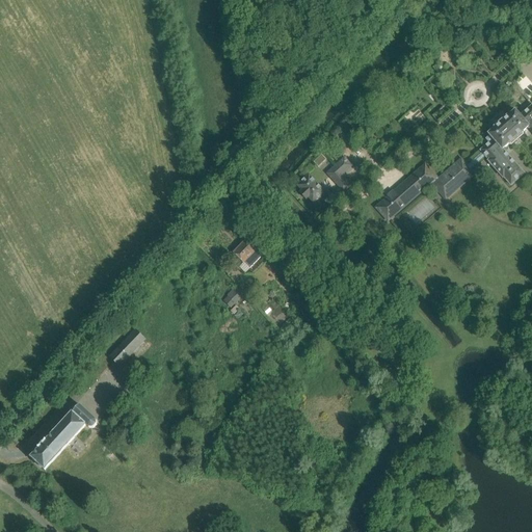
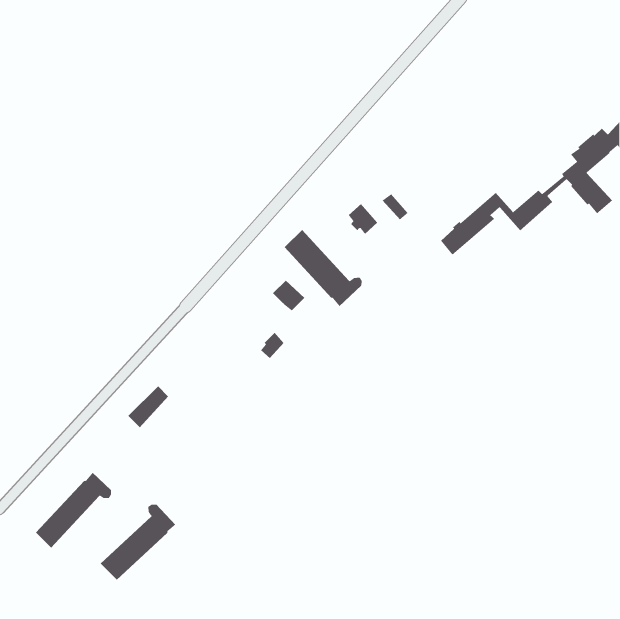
building: none -> [284,229,362,307]
building: none -> [100,504,176,580]

